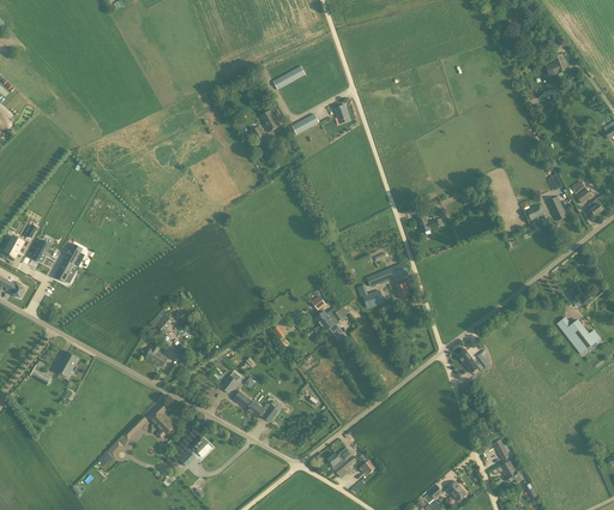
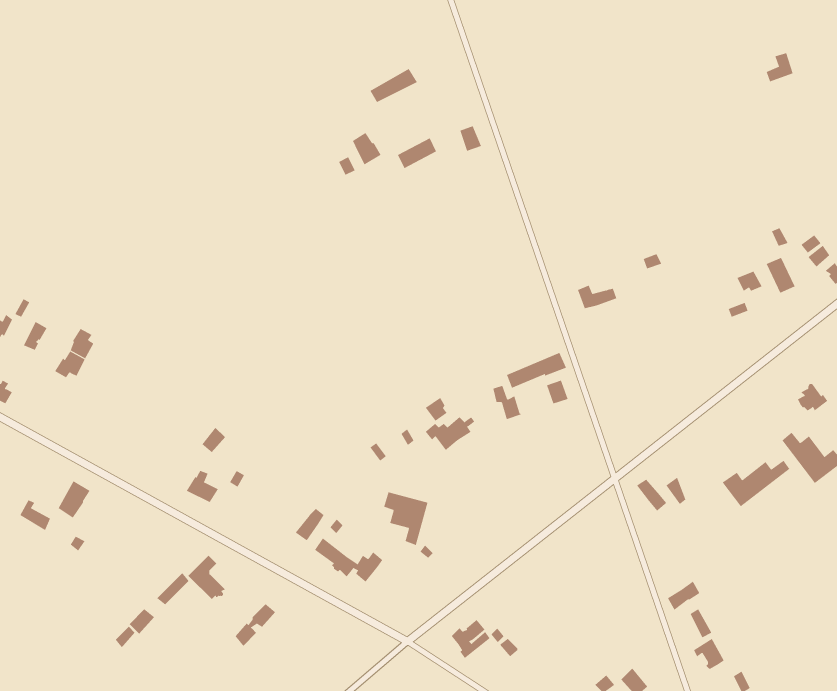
building: none -> [722,460,790,507]
building: none -> [383,491,428,546]

